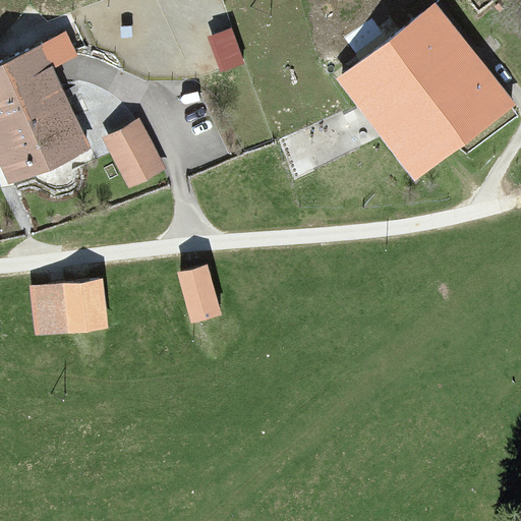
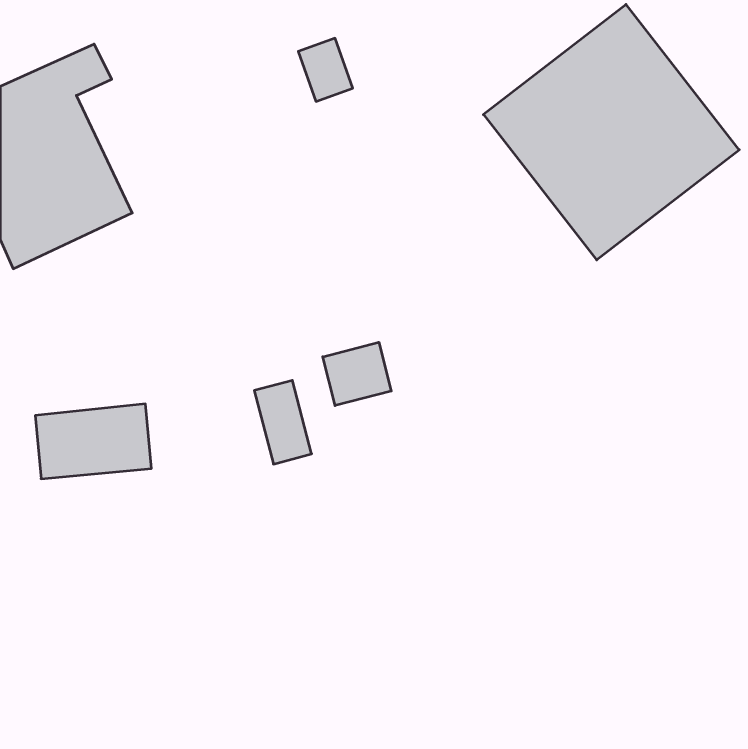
building: [103,122,160,186] -> none
building: none -> [323,342,391,406]

